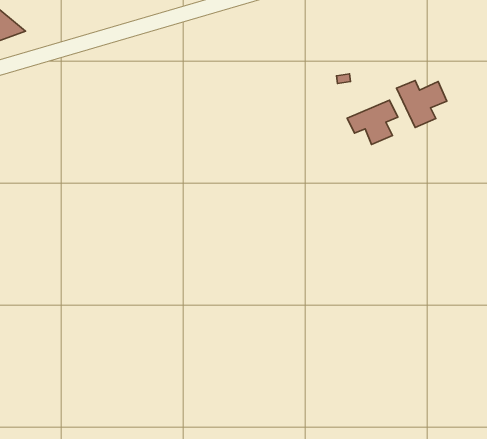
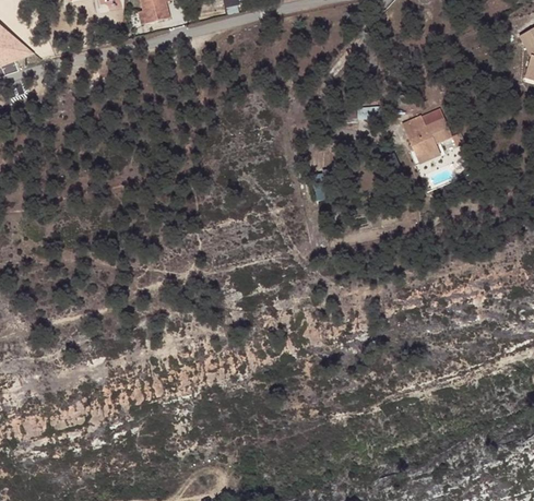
building: [347,100,398,145] -> none

